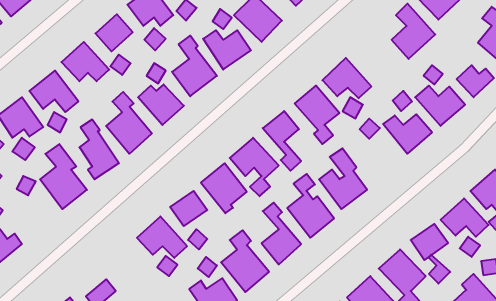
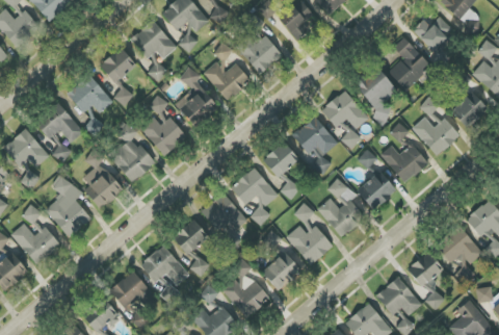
building: none -> [354,66,397,122]
building: none -> [363,176,397,209]
building: none -> [11,224,58,265]
building: none -> [110,270,152,312]

